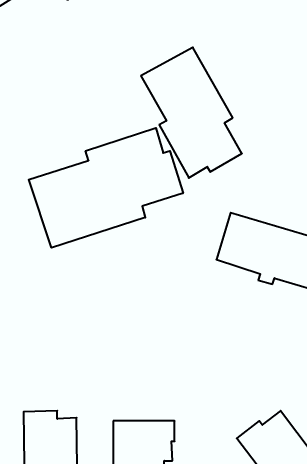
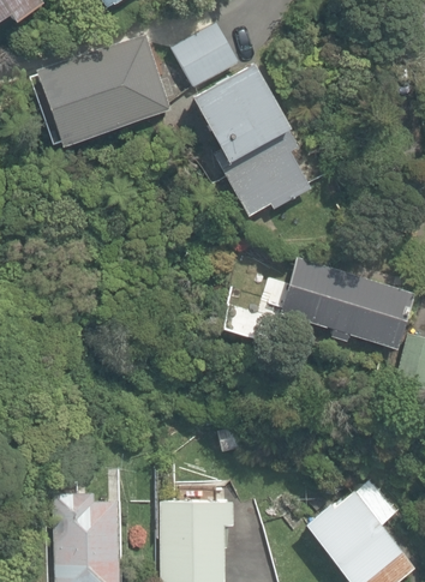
building: none -> [172,23,237,88]
building: none -> [36,35,170,146]
building: [29,128,183,248] -> none

